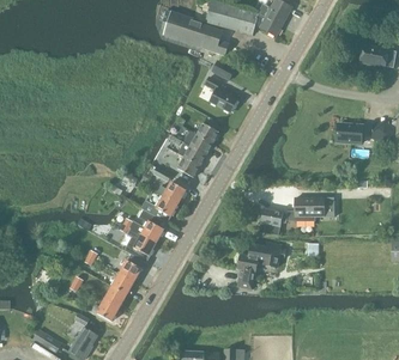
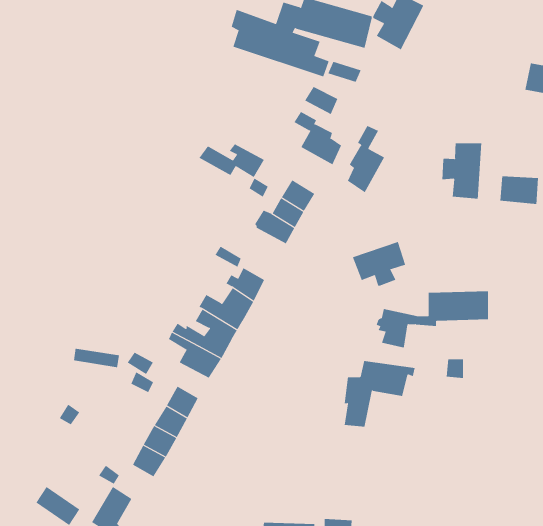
building: none -> [347,125,385,193]
building: none -> [442,142,482,199]
building: [156,154,200,177] -> [199,144,265,178]
building: none -> [352,241,406,286]

